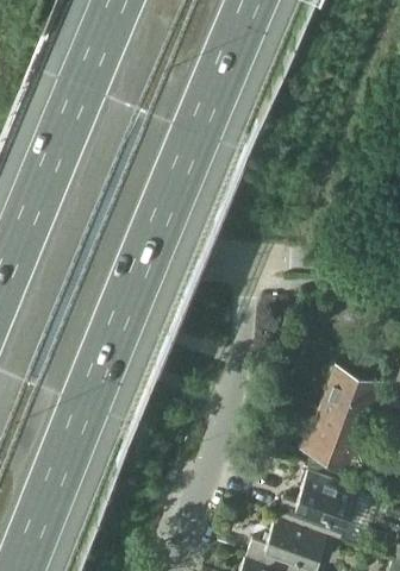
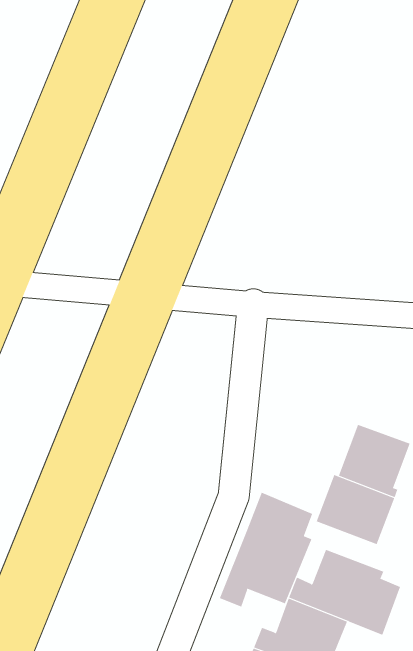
building: none -> [219,492,313,607]

